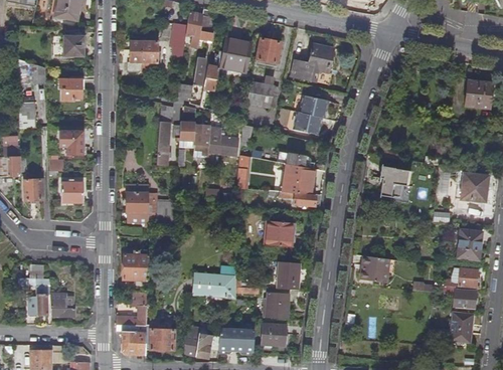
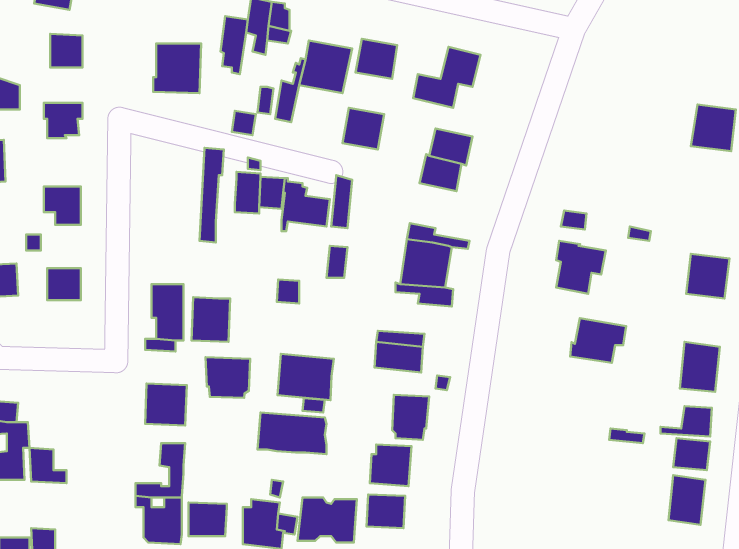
building: none -> [278,354,334,400]
building: none -> [206,357,250,398]
building: [360,255,395,284] -> [570,318,626,363]

